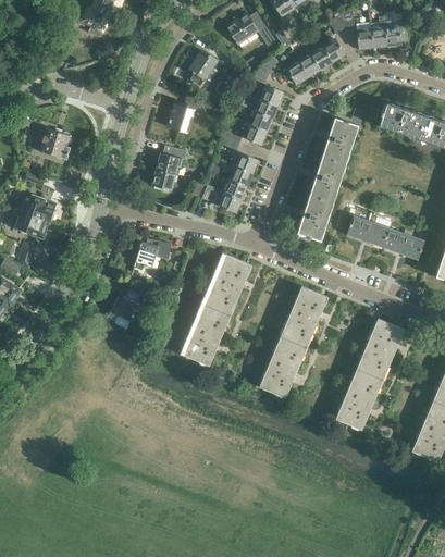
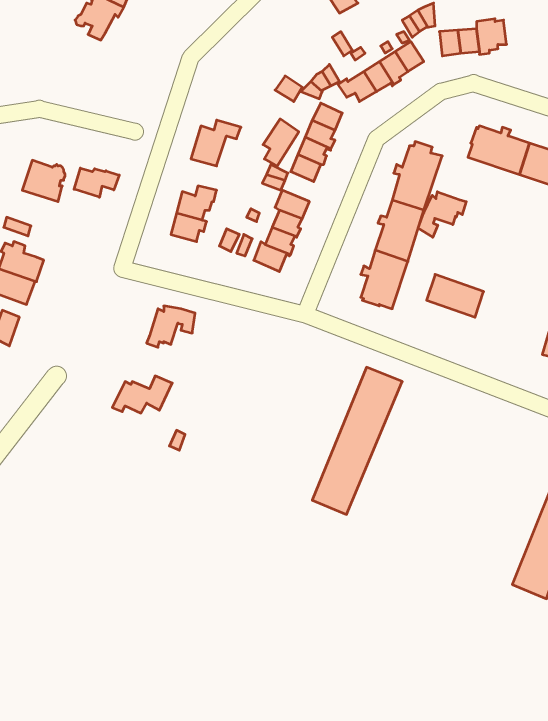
building: [224,13,269,45] -> none
building: [188,50,215,86] -> [263,119,299,166]
building: none -> [74,168,119,197]
building: none -> [418,192,466,237]
building: [383,228,423,260] -> none
building: [183,255,251,367] -> none
building: [335,319,404,431] -> none

